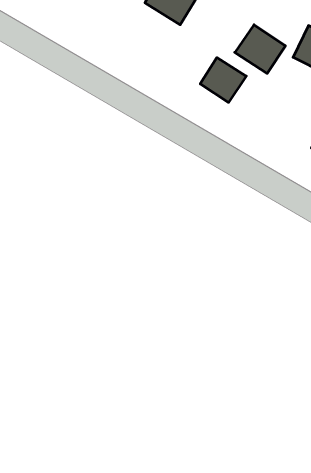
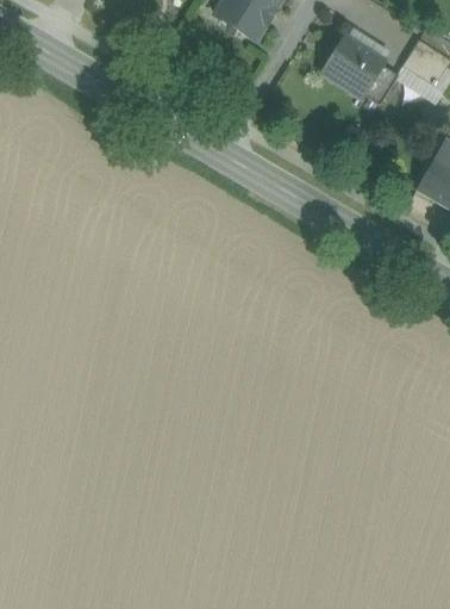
building: [200,58,246,102] -> none

